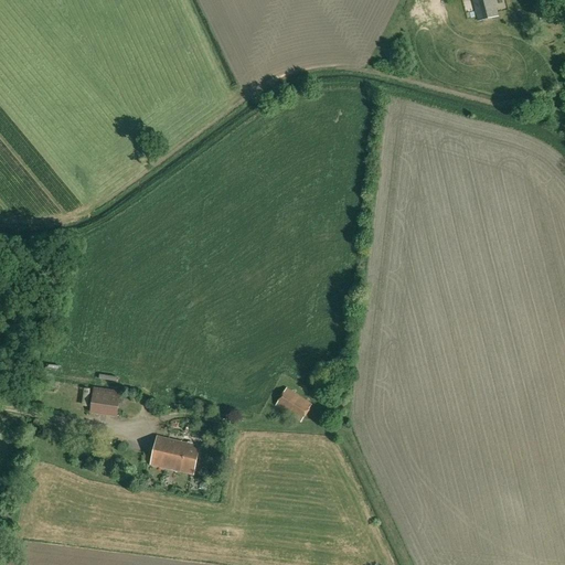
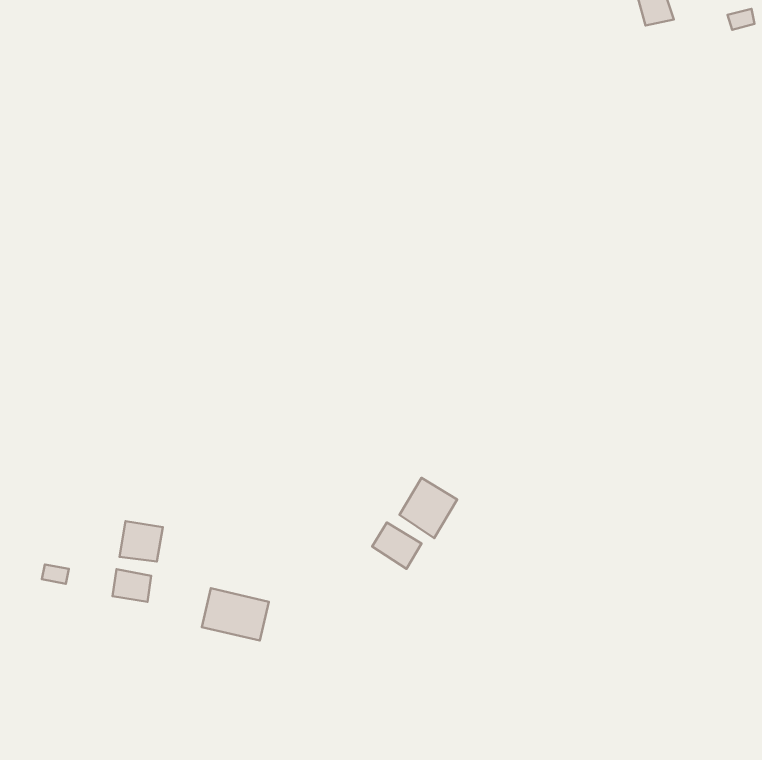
building: none -> [400,478,457,538]
building: none -> [112,569,151,602]

